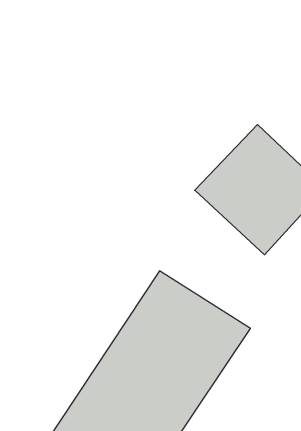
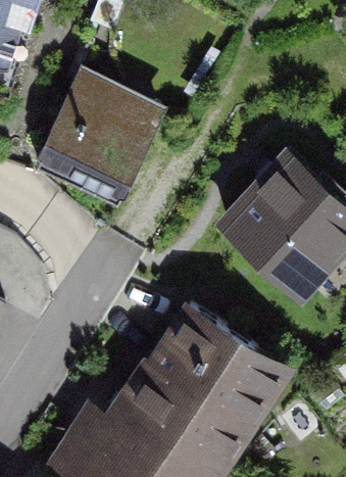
building: none -> [39,73,162,197]

